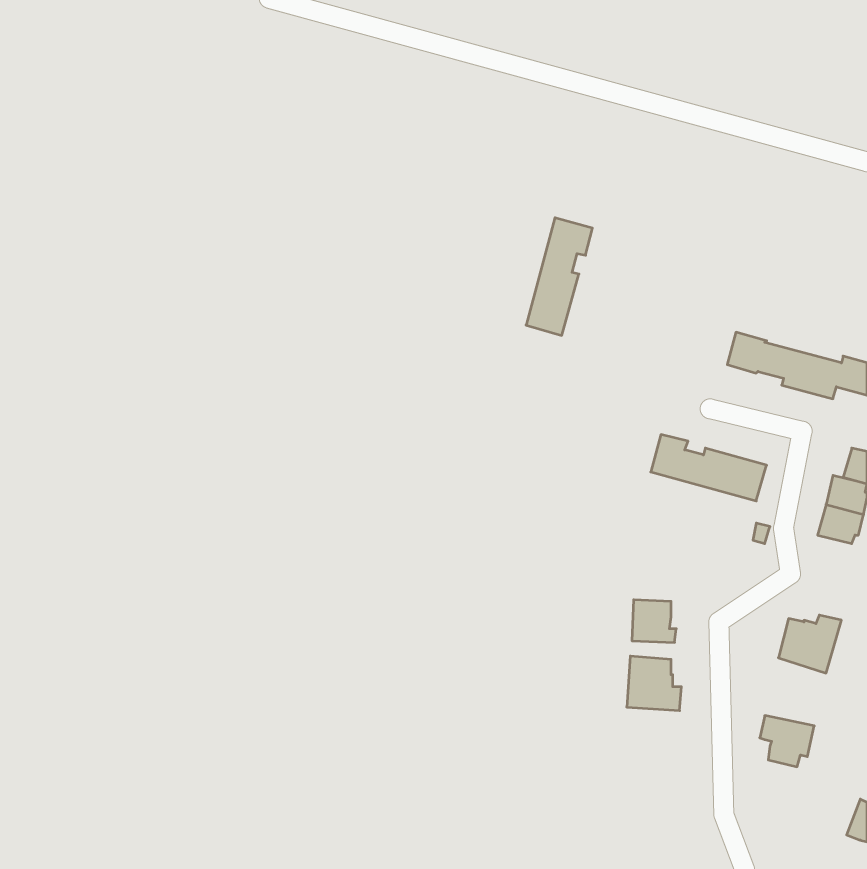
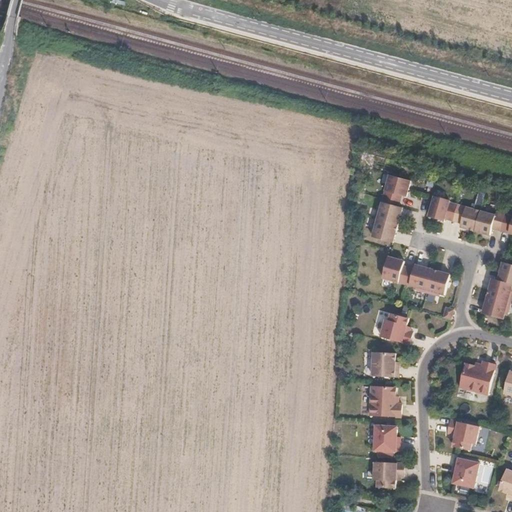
building: [526,218,592,335] -> [371,173,410,242]
building: none -> [379,313,411,344]
building: none -> [373,425,398,451]
building: none -> [451,457,477,487]
building: none -> [372,461,403,488]

